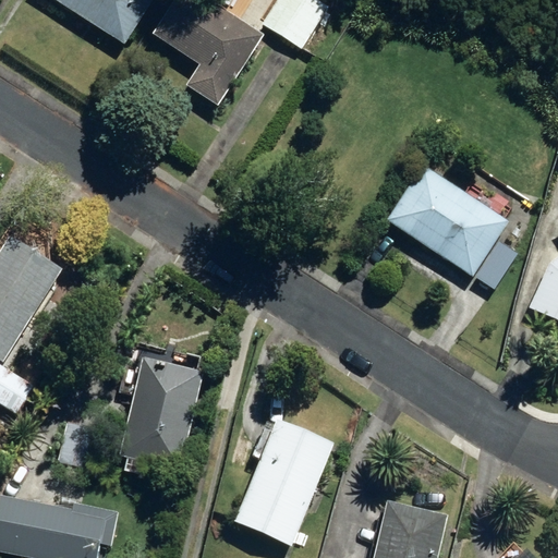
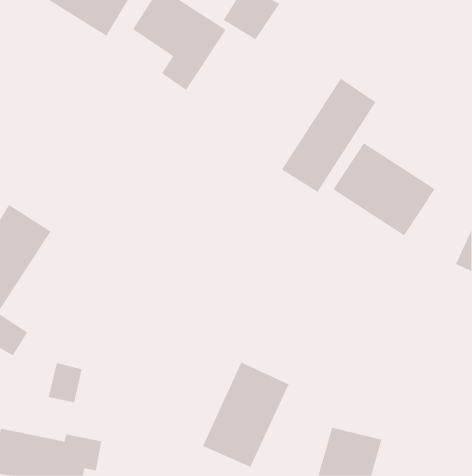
building: none -> [281,78,376,193]
building: [119,357,203,470] -> none

